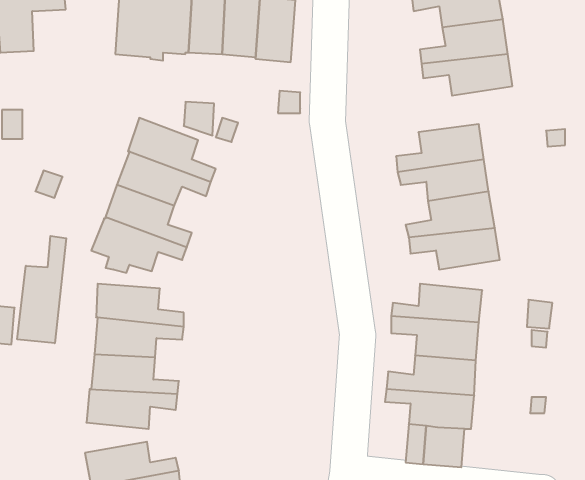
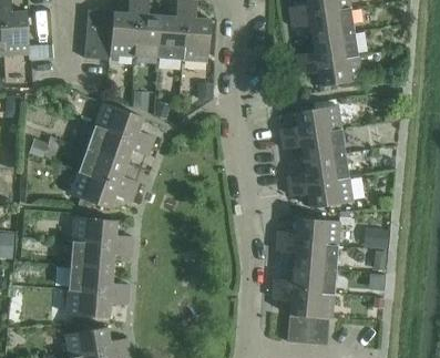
building: [17,236,66,343] -> none

